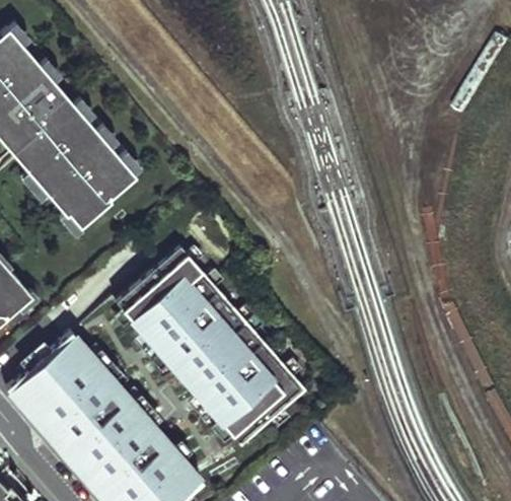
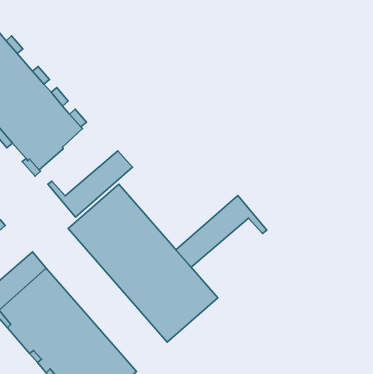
building: none -> [48,151,132,217]
building: none -> [176,196,267,267]

